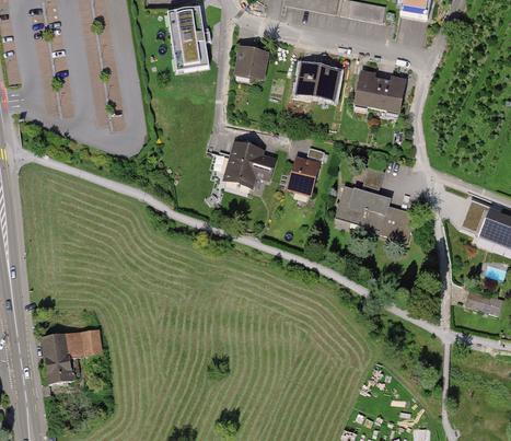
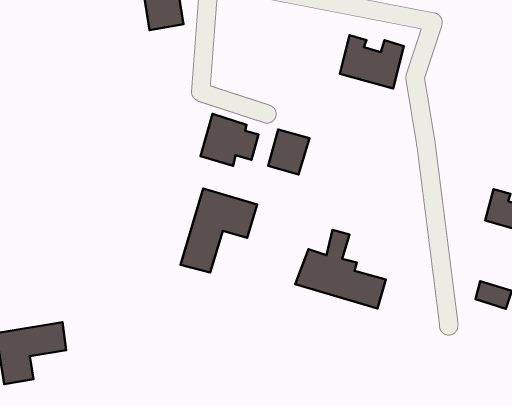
building: [230,45,267,80] -> none
building: [291,62,339,102] -> none
building: [334,167,416,239] -> [295,230,386,309]
building: none -> [181,188,257,273]

